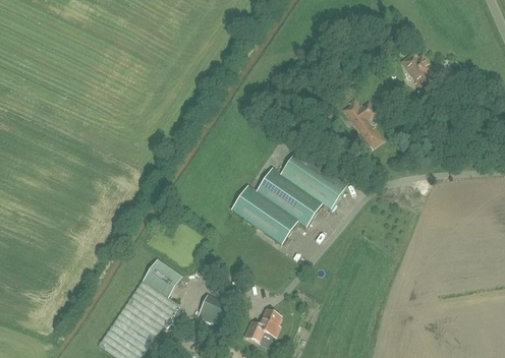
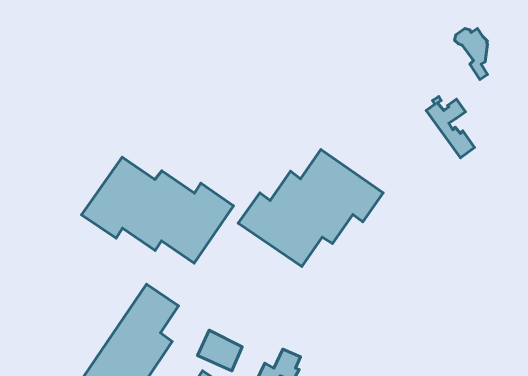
building: [344,99,383,147] -> [426,97,474,158]
building: none -> [82,157,234,263]

